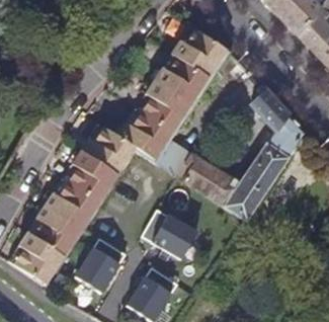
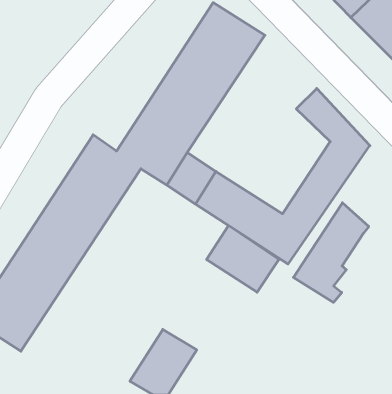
building: none -> [293,203,369,302]
building: [145,211,198,260] -> [207,226,279,292]
building: [76,238,127,294] -> none

